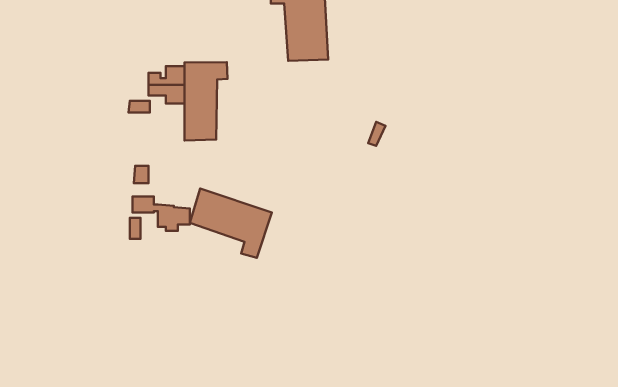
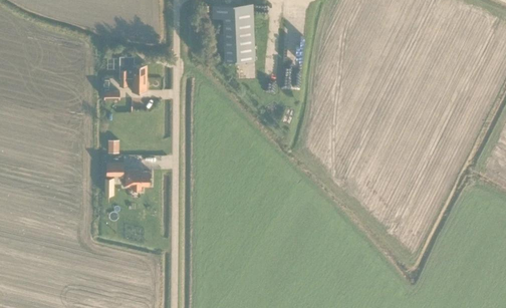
building: [184,62,228,140] -> none
building: [190,189,272,258] -> none

